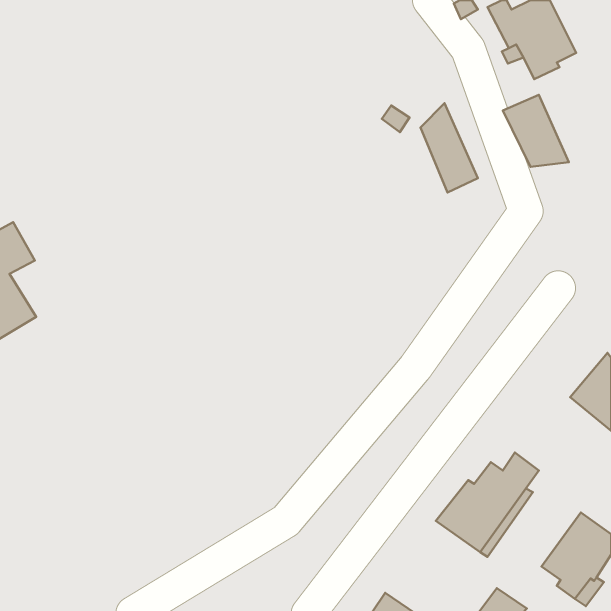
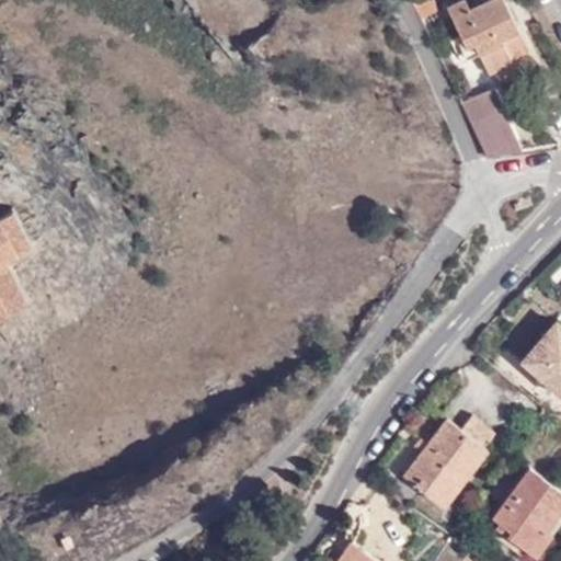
building: [421,103,478,192] -> none

